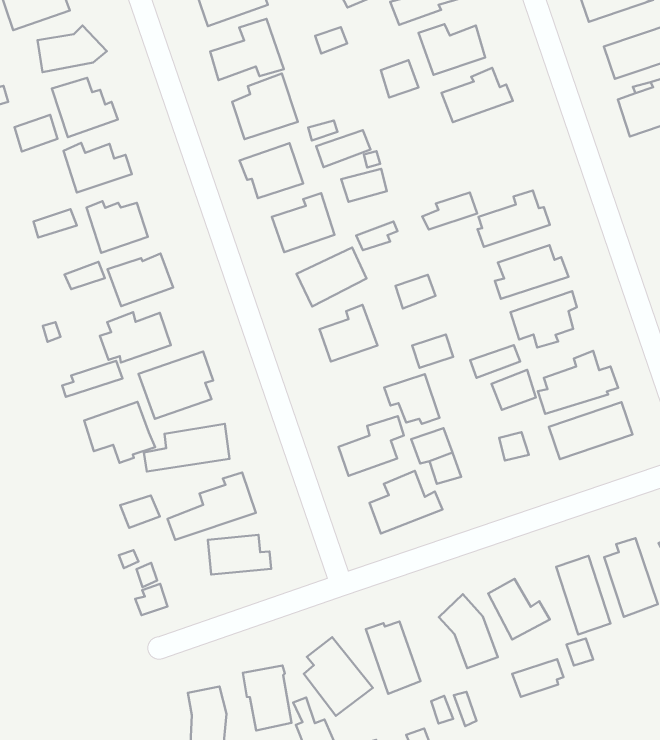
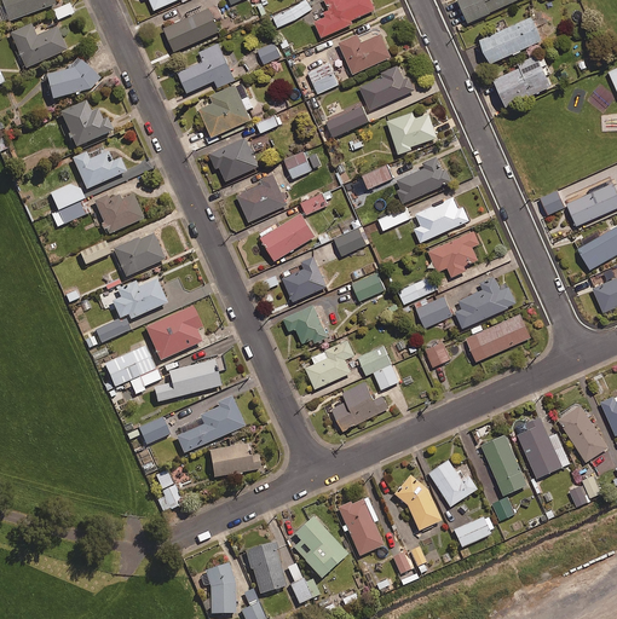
building: [15,115,57,151] -> [51,181,85,212]
building: [316,130,371,167] -> [328,106,370,138]
building: none -> [385,111,436,154]
building: [384,374,440,424] -> [282,305,327,343]

